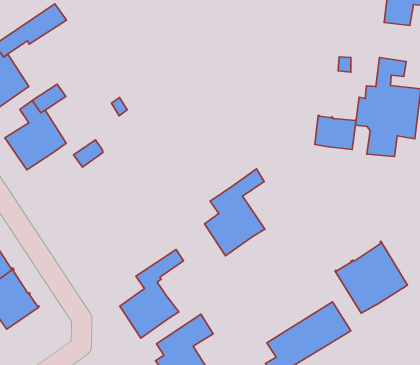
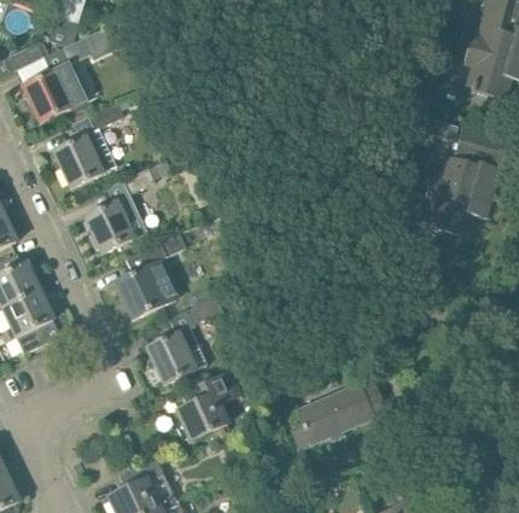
building: [315,115,356,150] -> none
building: [204,169,265,256] -> [115,233,185,320]
building: none -> [83,202,147,253]
building: [335,241,407,313] -> none

